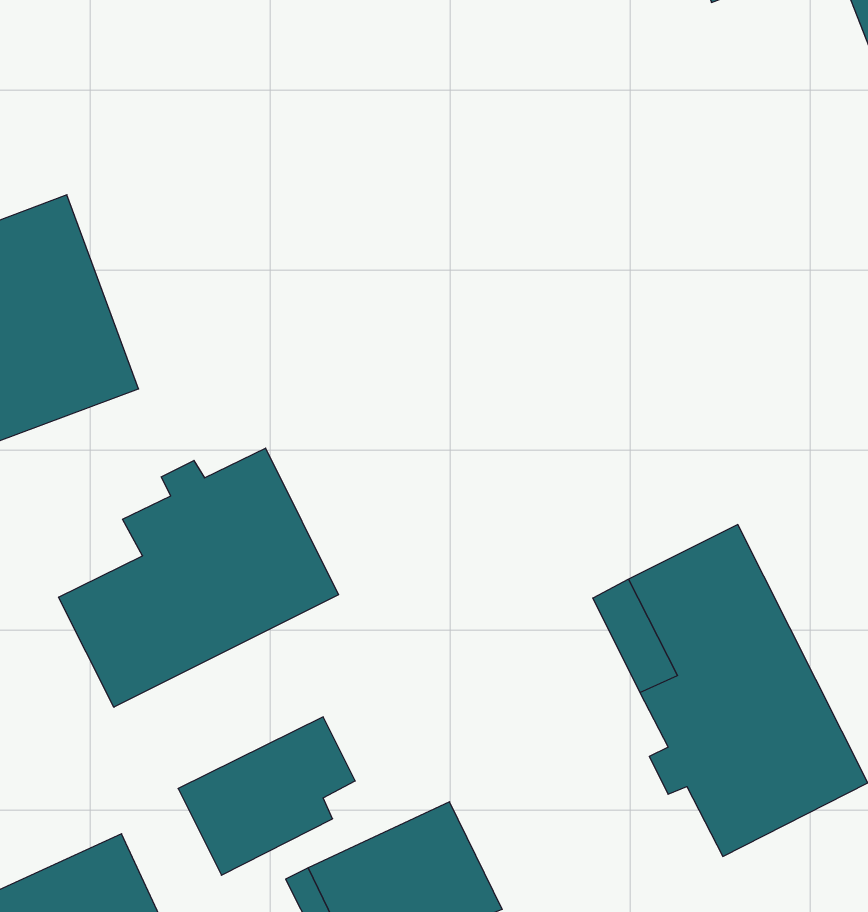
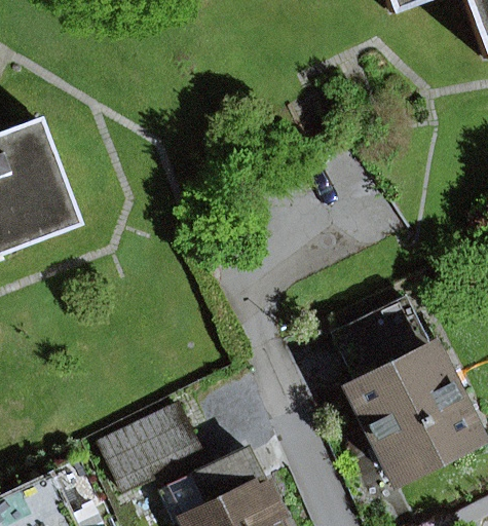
building: [59,448,339,707] -> none

